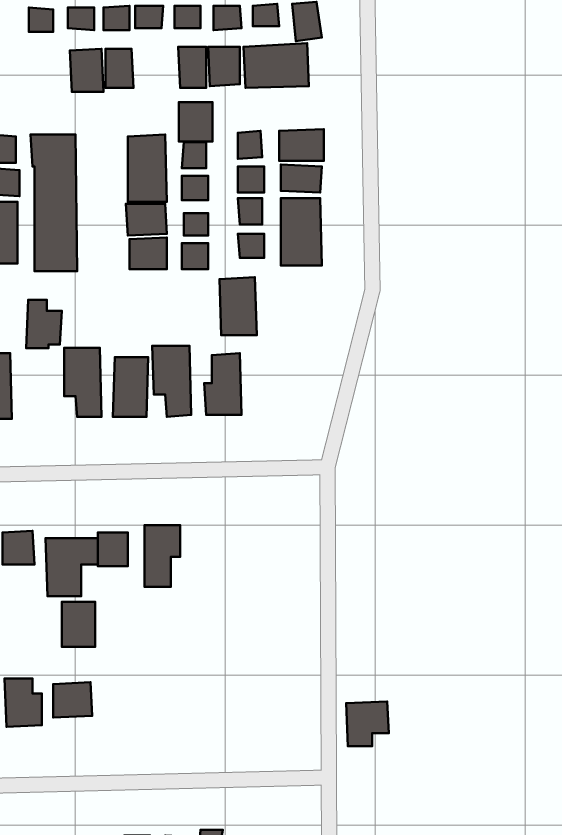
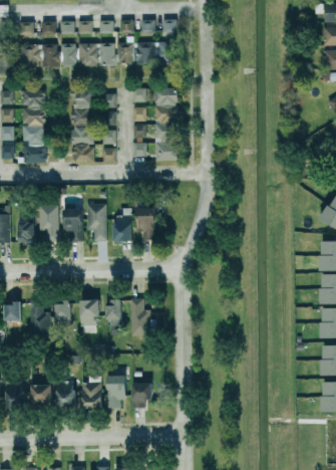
building: none -> [22,44,40,67]
building: [179,102,212,142] -> [79,43,97,64]
building: [219,277,257,335] -> [138,207,158,238]
building: [26,300,62,348] -> [17,216,36,242]
building: none -> [130,298,150,335]
building: none -> [108,299,122,334]
building: [62,602,95,647] -> [57,384,75,408]
building: none -> [107,376,127,408]
building: none -> [81,382,102,409]
building: [346,701,389,746] -> [131,383,154,407]

